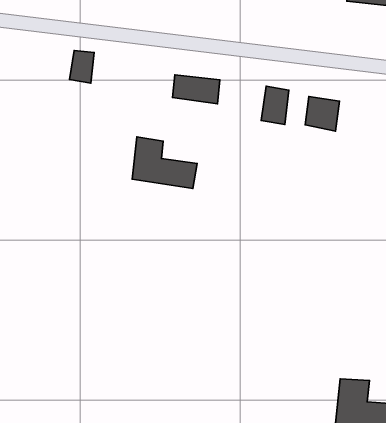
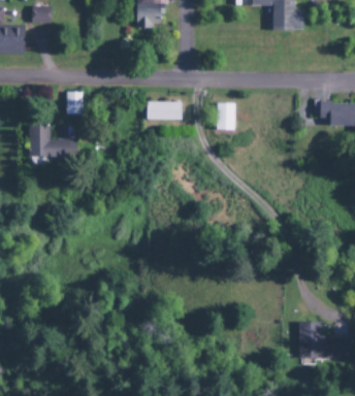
building: [305,97,340,131] -> none
building: [132,137,197,189] -> [30,124,78,159]

